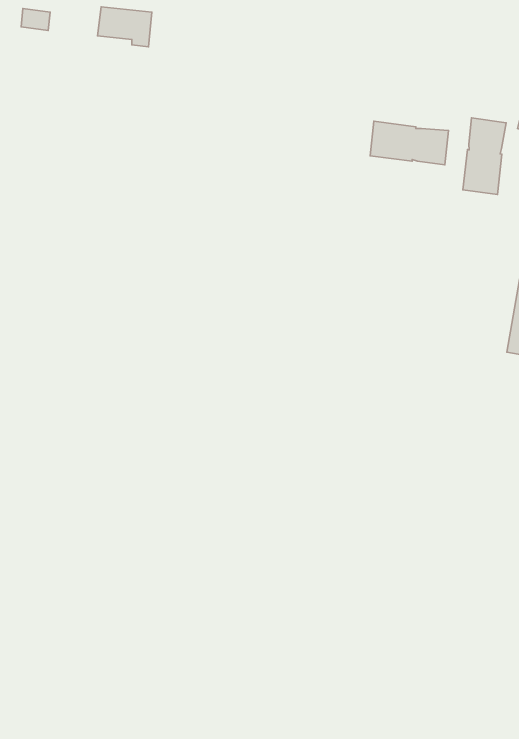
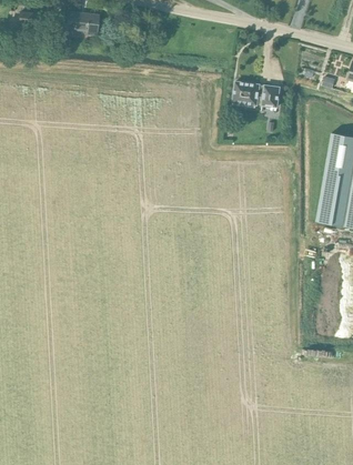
building: [463,118,506,195] -> none

